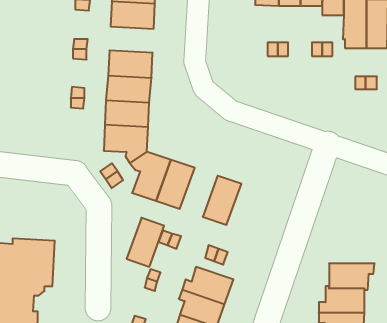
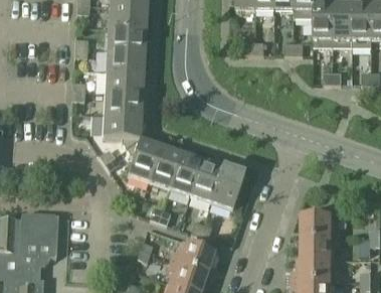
building: none -> [107,26,146,49]
building: none -> [210,165,244,208]
building: [127,218,164,267] -> [169,151,202,194]
building: none -> [301,212,341,236]

